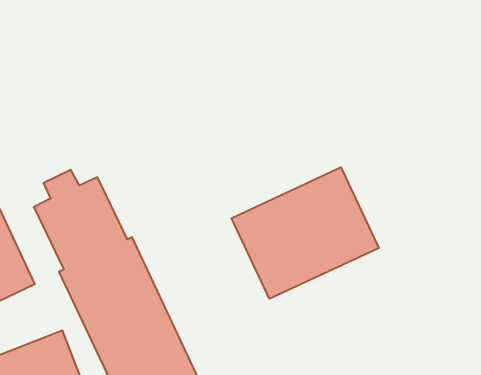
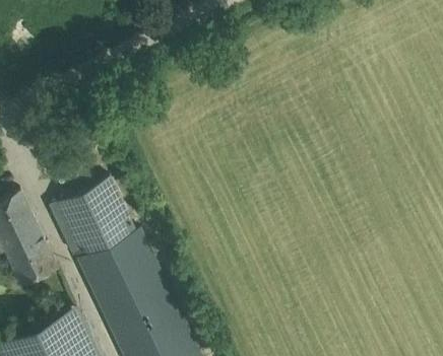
building: [232,167,379,299] -> none

